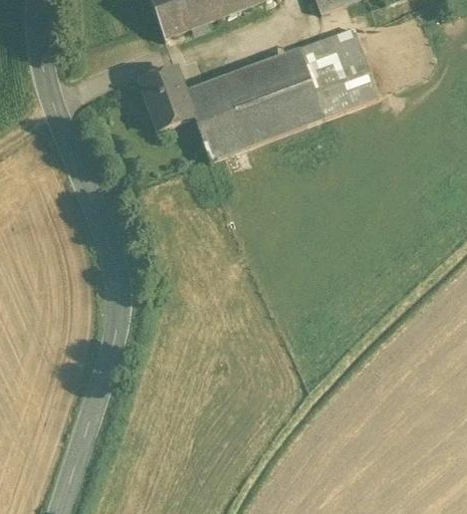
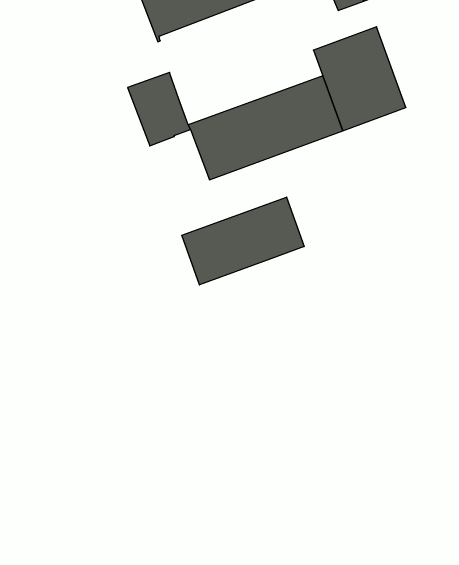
building: [184,48,307,112] -> none
building: none -> [182,197,304,285]

